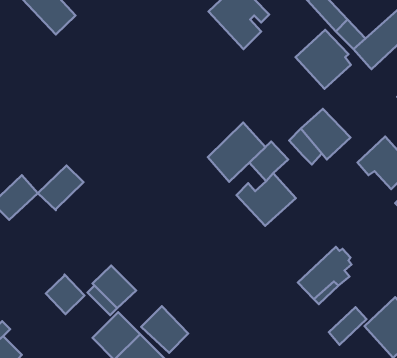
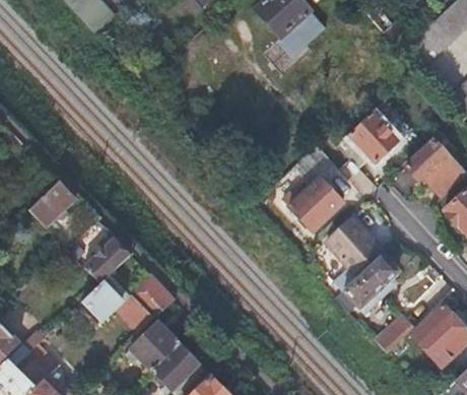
building: [295,30,351,89] -> none
building: [208,123,265,182] -> none
building: [38,165,84,210] -> [86,237,133,282]
building: none -> [326,218,382,290]
building: [141,306,188,353] -> none

